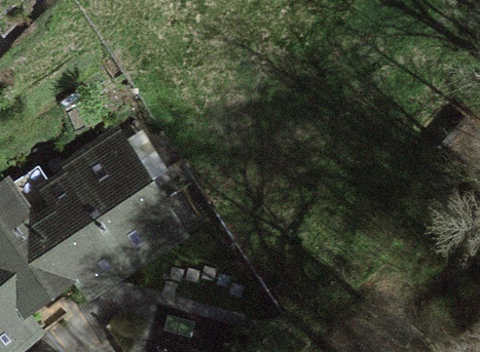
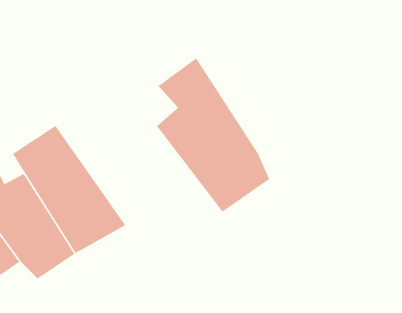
building: none -> [156,58,270,213]

